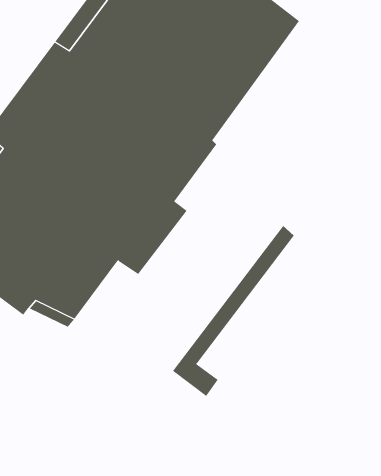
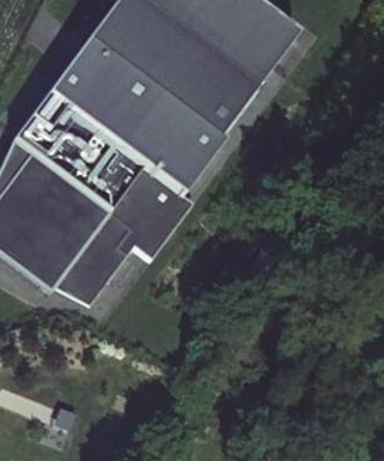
building: [172,225,294,397] -> none

